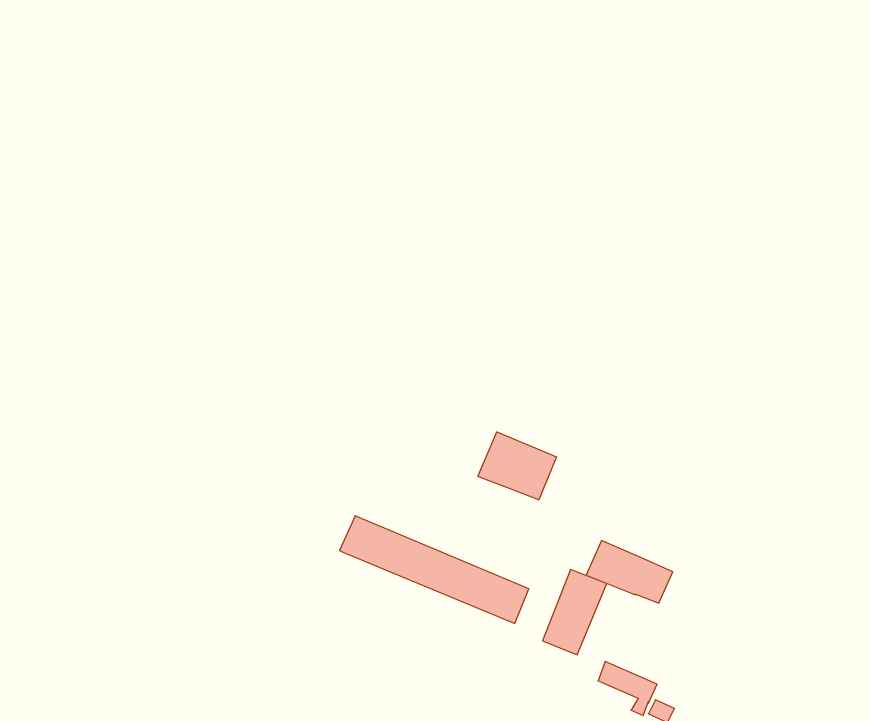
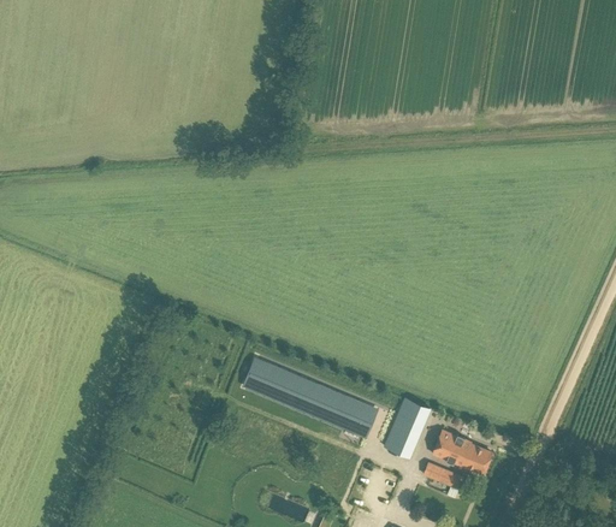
building: [478,432,556,500] -> none
building: [586,541,673,603] -> [432,428,492,472]

